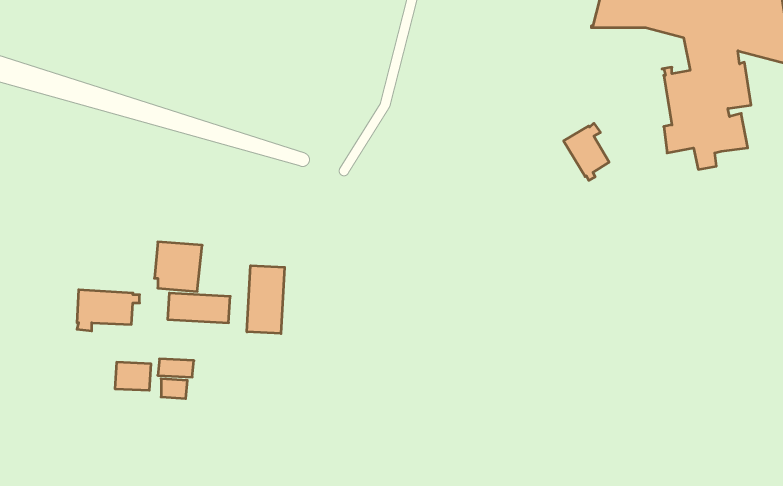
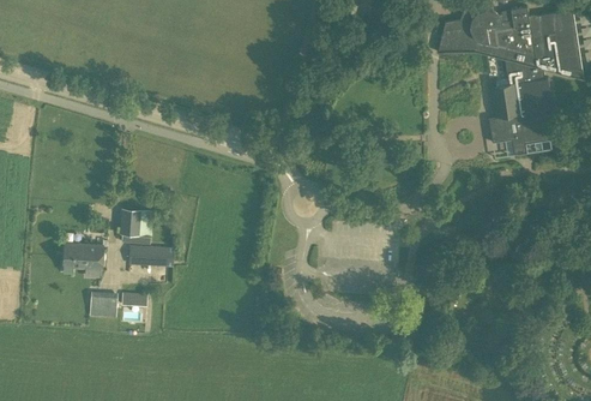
building: [564,123,609,180] -> none
building: [247,266,285,334] -> none

